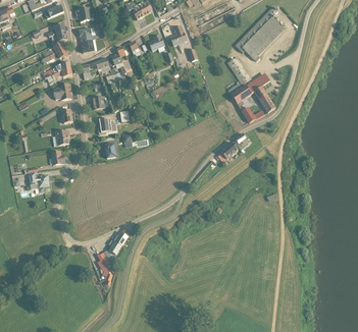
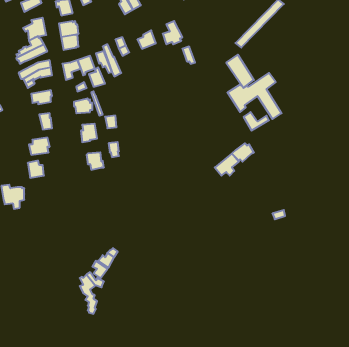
building: [241,17,284,62] -> none

